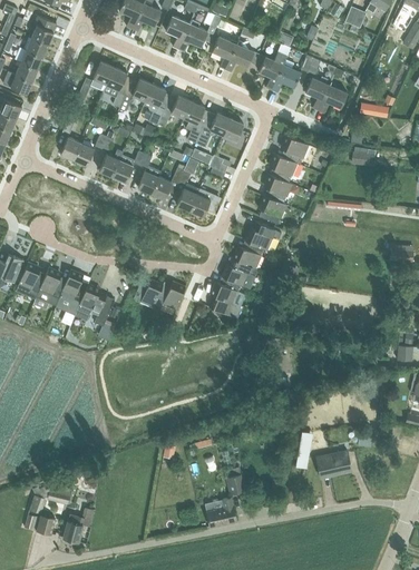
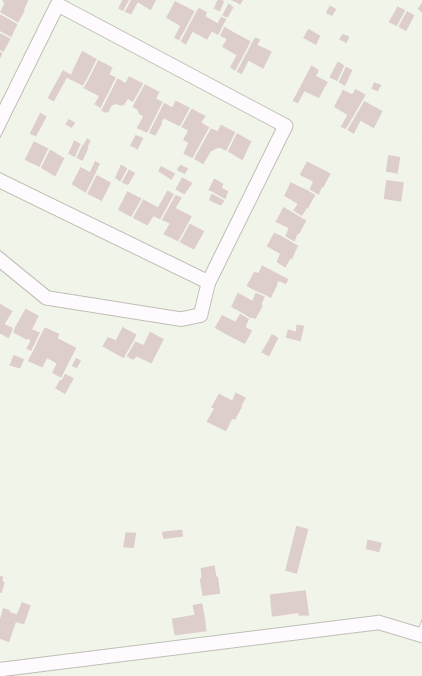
building: [259,43,290,90] -> none
building: [208,281,241,315] -> [205,391,247,434]
building: [316,451,351,475] -> [269,590,310,617]

